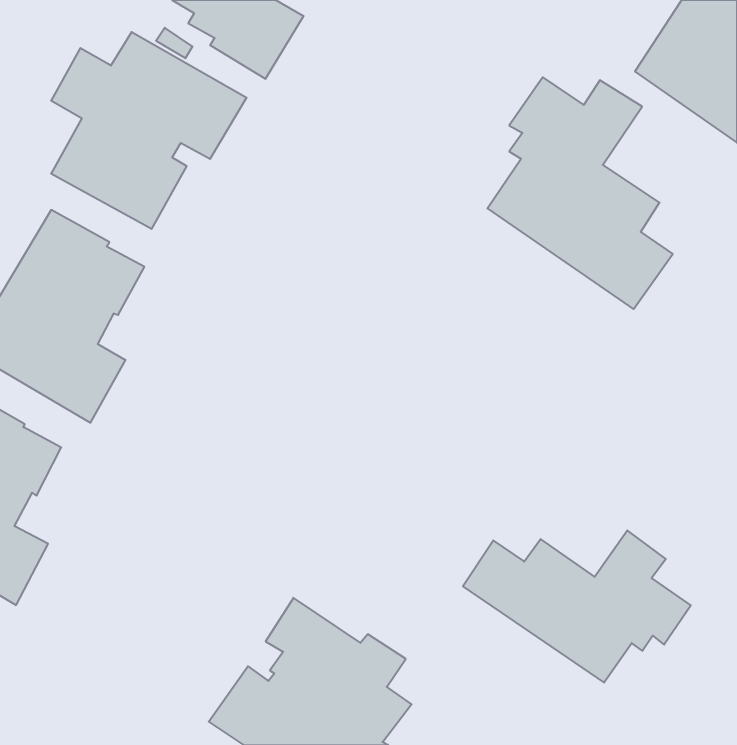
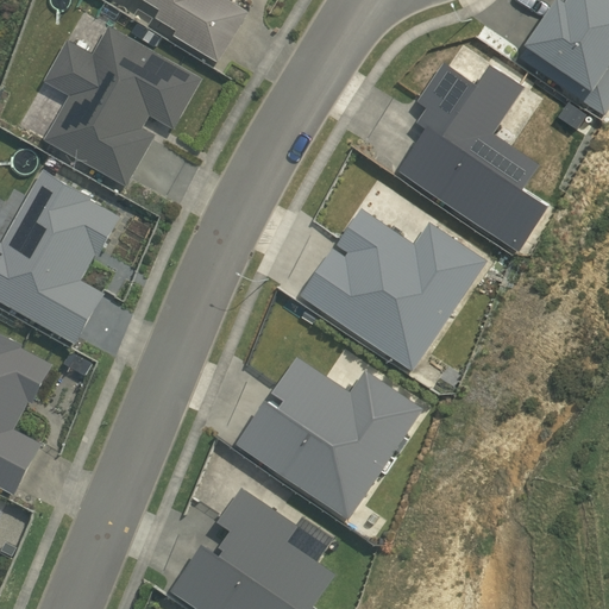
building: none -> [299,208,485,372]
building: none -> [234,356,420,520]
building: [463,530,691,683] -> none

